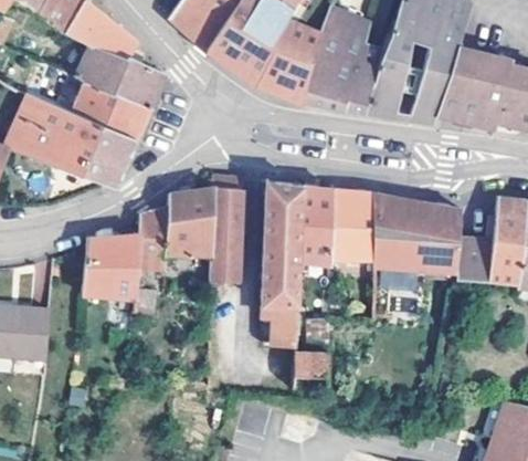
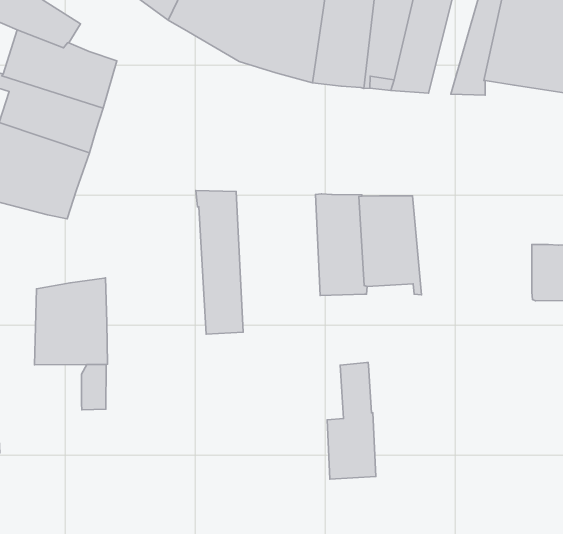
building: [262,182,302,347] -> none
building: [138,188,214,269] -> none
building: [373,195,461,274] -> none

